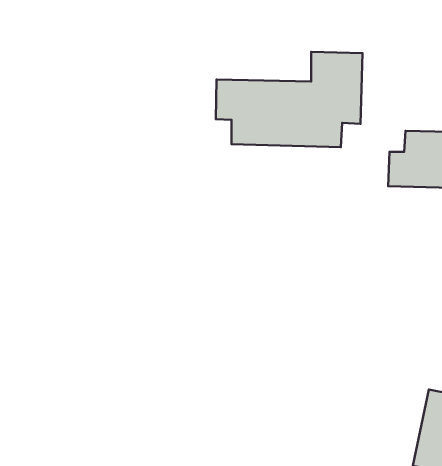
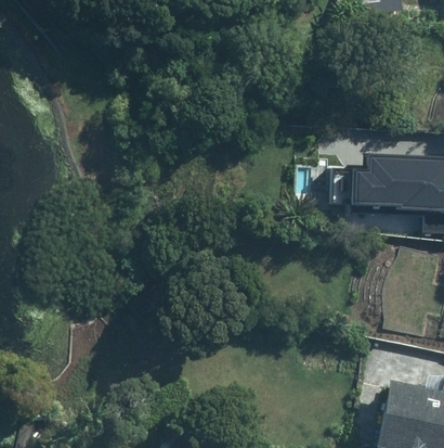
building: [216,52,363,147] -> none

